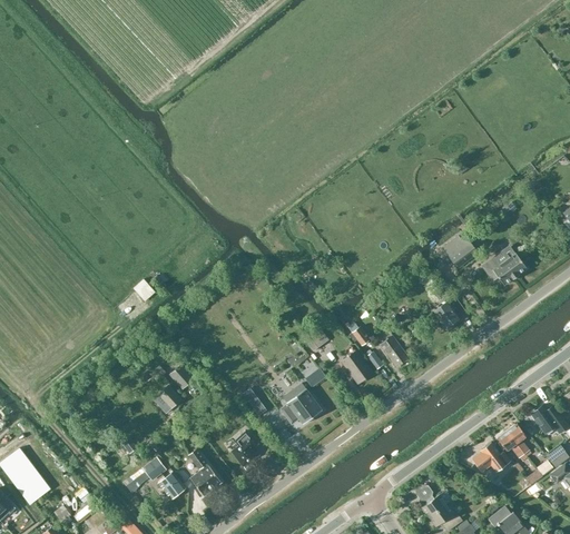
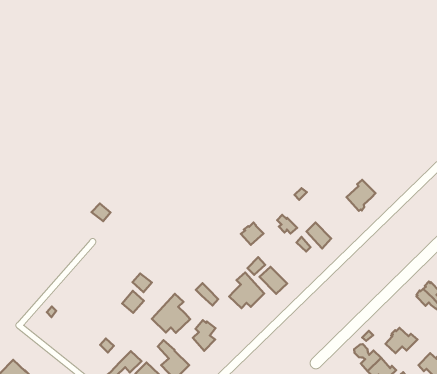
building: [442,235,478,268] -> none
building: [485,249,527,285] -> none
building: [341,350,372,383] -> [259,267,287,294]
building: none -> [152,294,190,333]
building: [472,443,510,472] -> [386,328,418,353]

